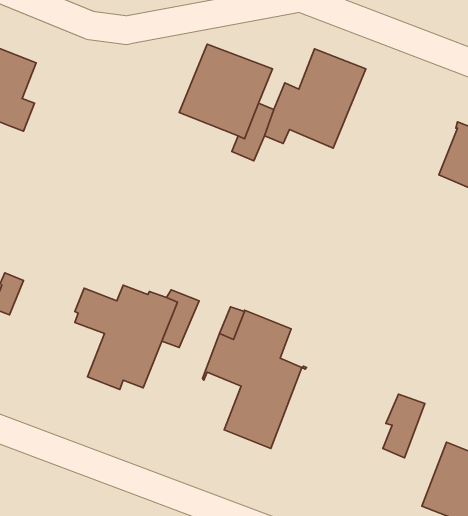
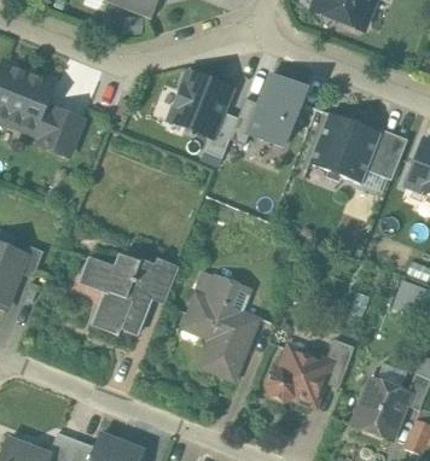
building: none -> [39,109,82,156]
building: none -> [309,112,379,182]
building: none -> [266,349,329,403]

